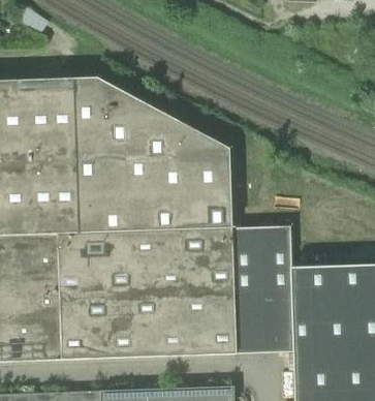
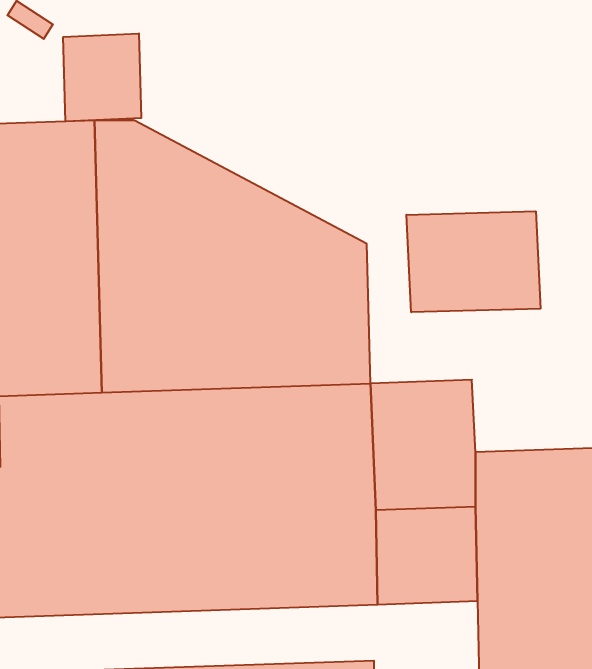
building: none -> [63,33,141,121]
building: none -> [406,211,540,312]

